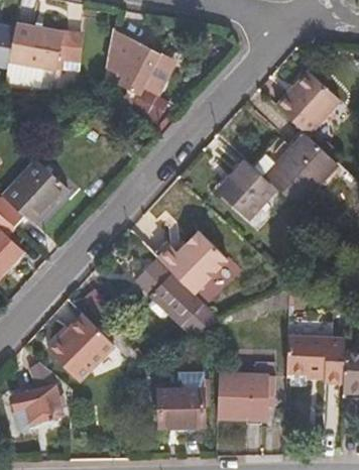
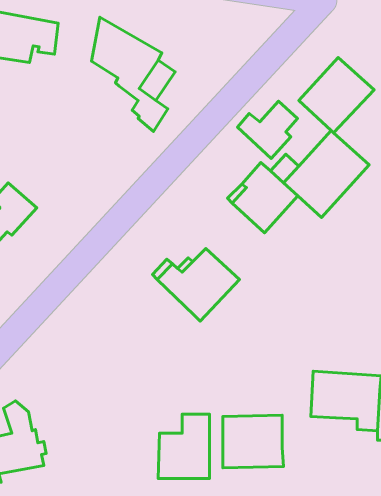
building: none -> [237,101,298,159]
building: [138,257,226,332] -> none
building: [51,311,117,374] -> none

